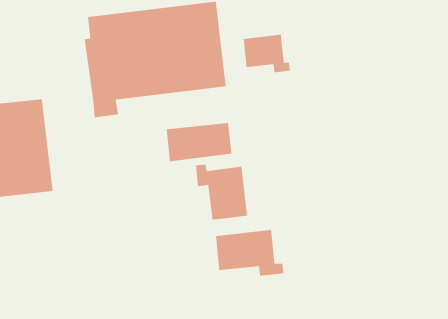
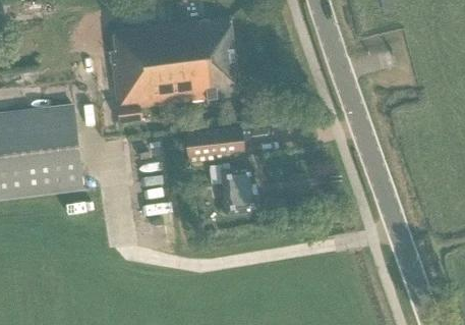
building: [243,34,291,73] -> none
building: [215,229,284,277] -> none

